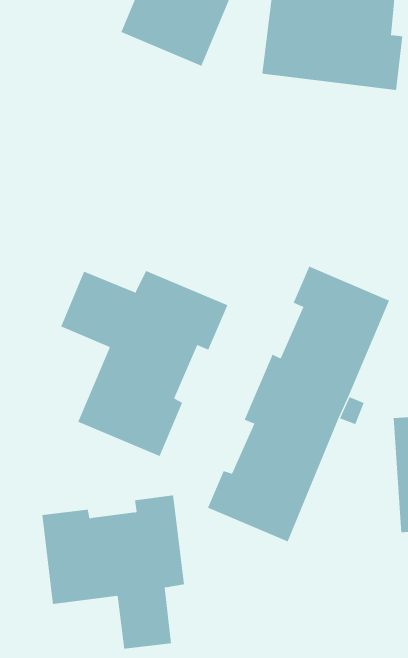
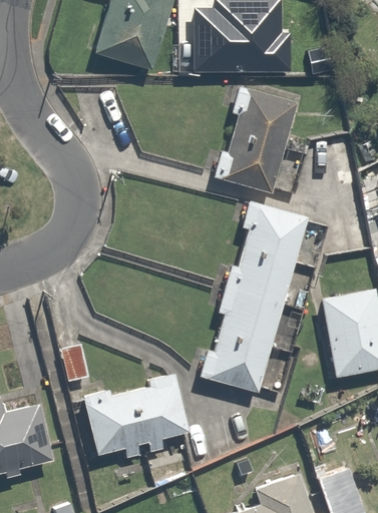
building: none -> [213,85,297,193]
building: [60,270,228,457] -> none

